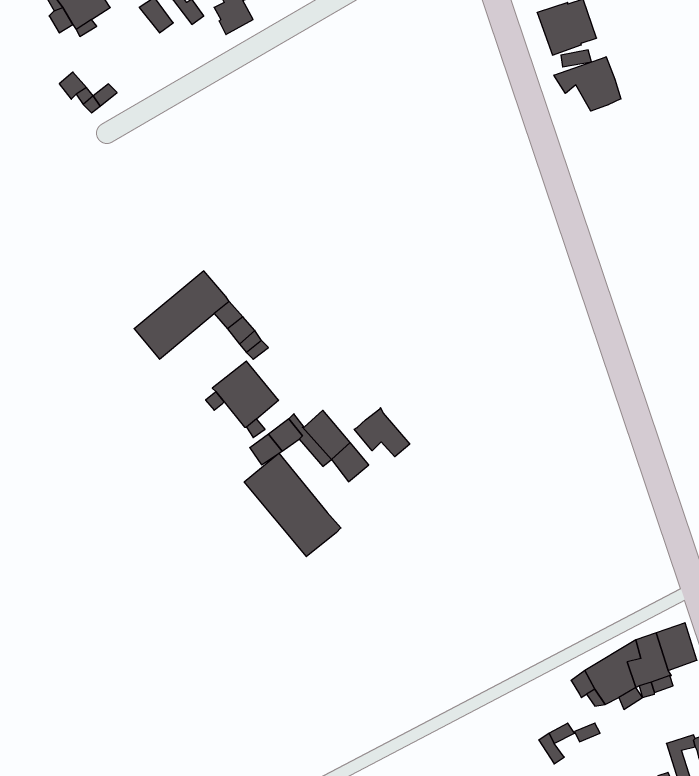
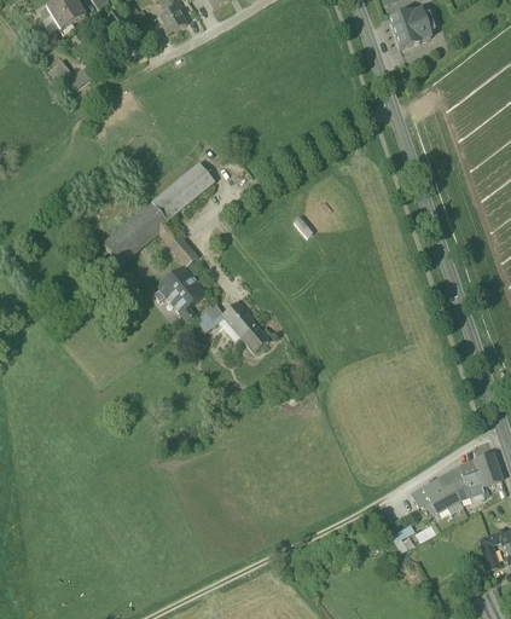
building: [554,57,621,111] -> none
building: none -> [152,161,215,219]
building: [354,408,410,457] -> none
building: [244,453,341,557] -> none

